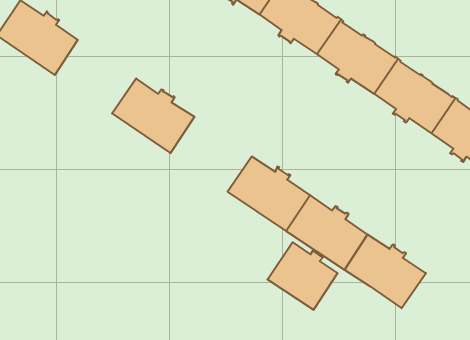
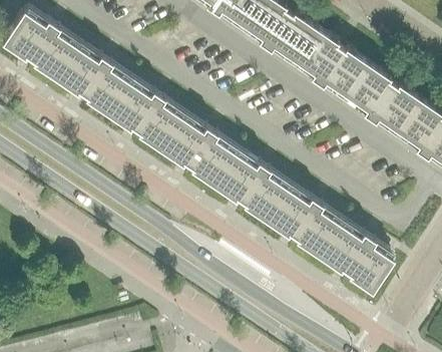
building: none -> [56,48,130,115]
building: none -> [161,118,236,187]
building: [267,242,338,310] -> none

